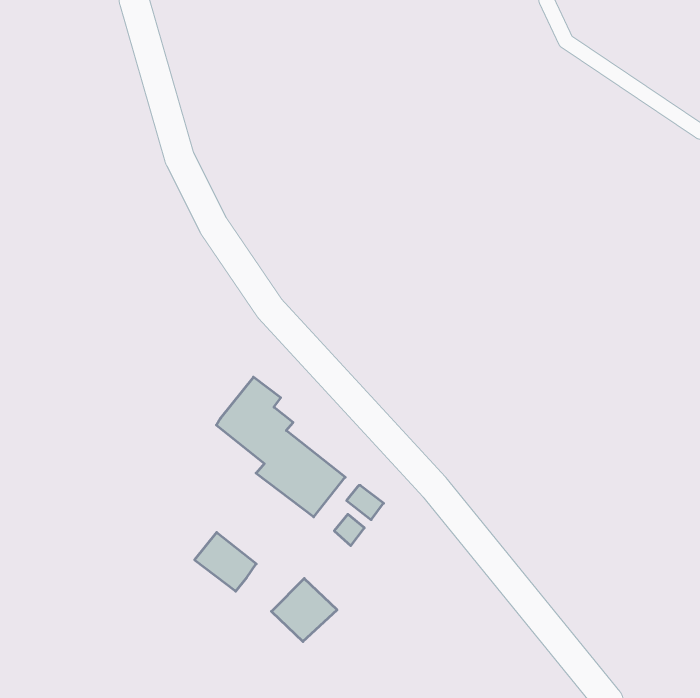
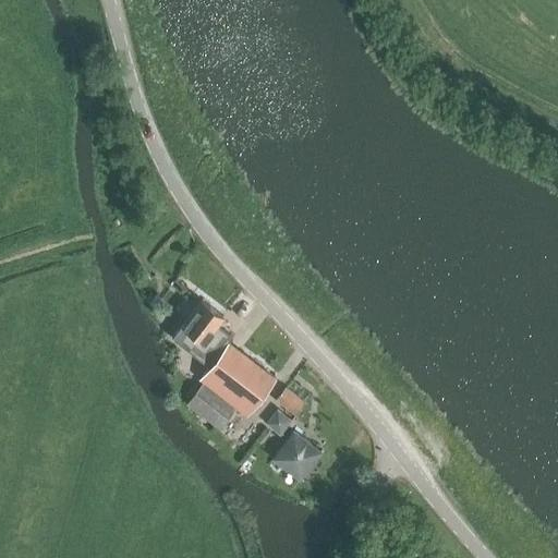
building: [195,532,256,591] -> [187,384,236,430]
building: [271,578,337,642] -> [274,430,326,481]

